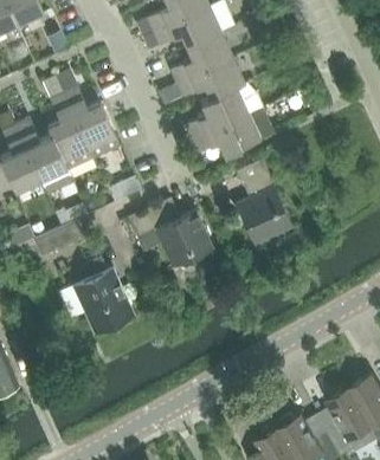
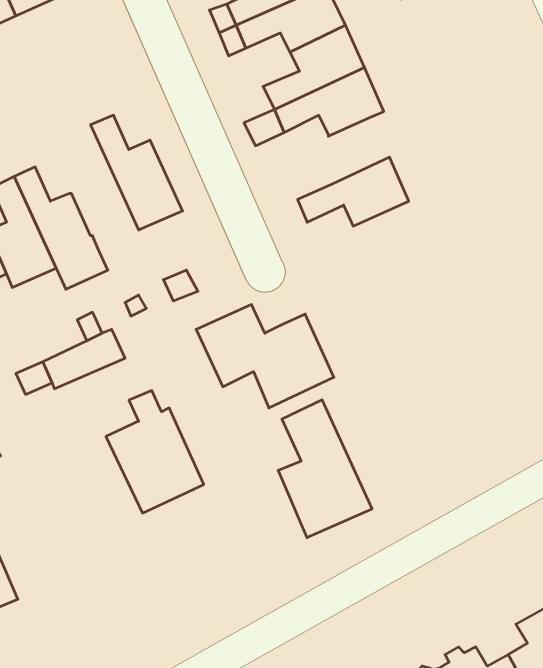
building: [43,78,92,170] -> none
building: [185,85,256,140] -> none
building: [234,160,292,245] -> [278,400,372,538]

